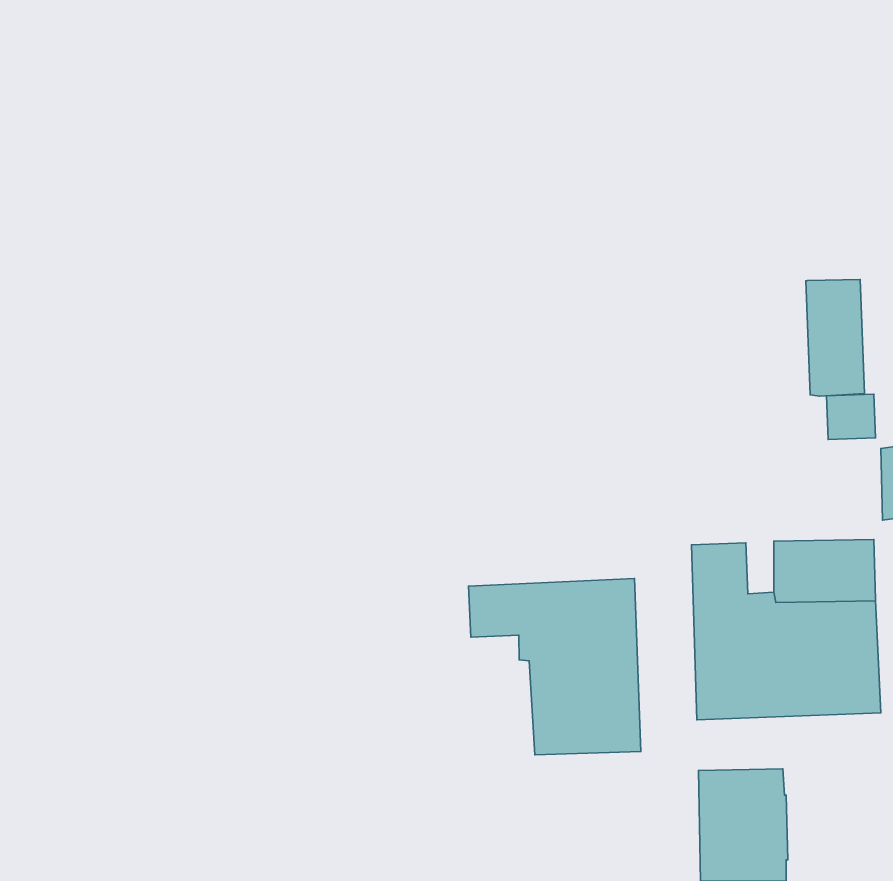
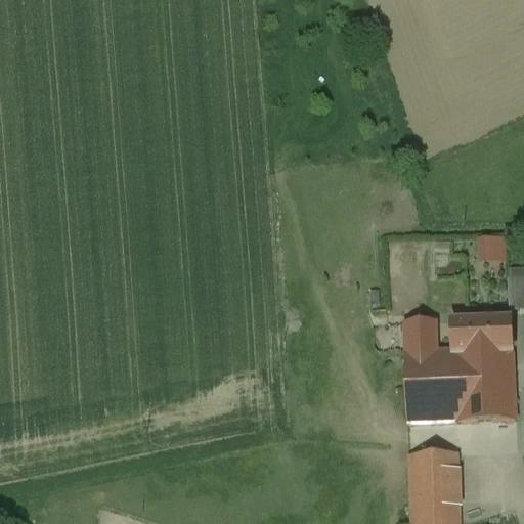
building: [806,279,865,396] -> none
building: [469,578,641,755] -> none

